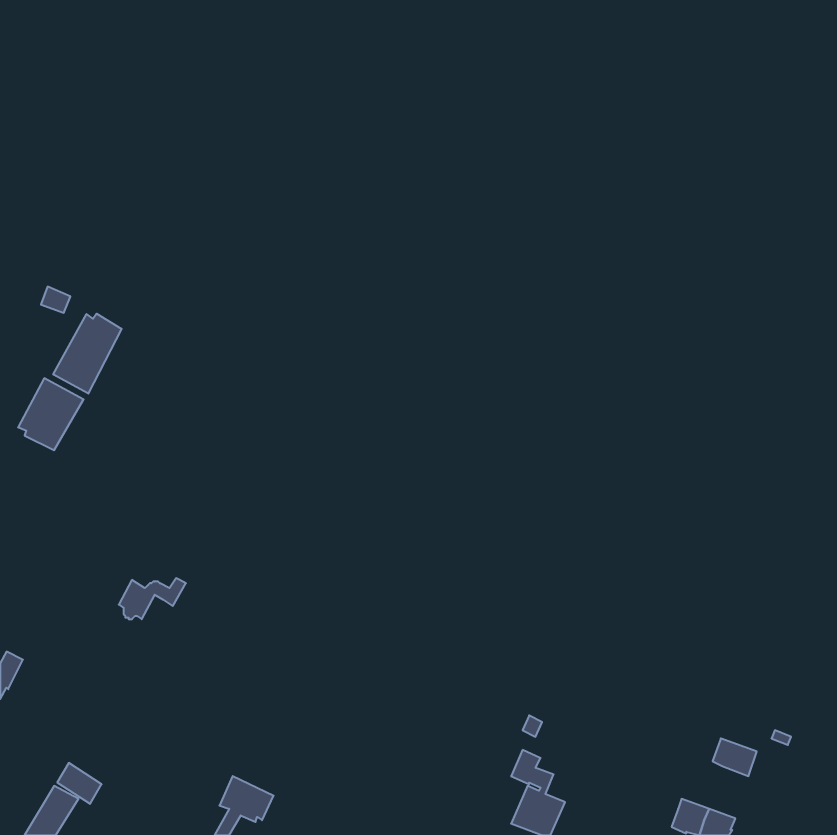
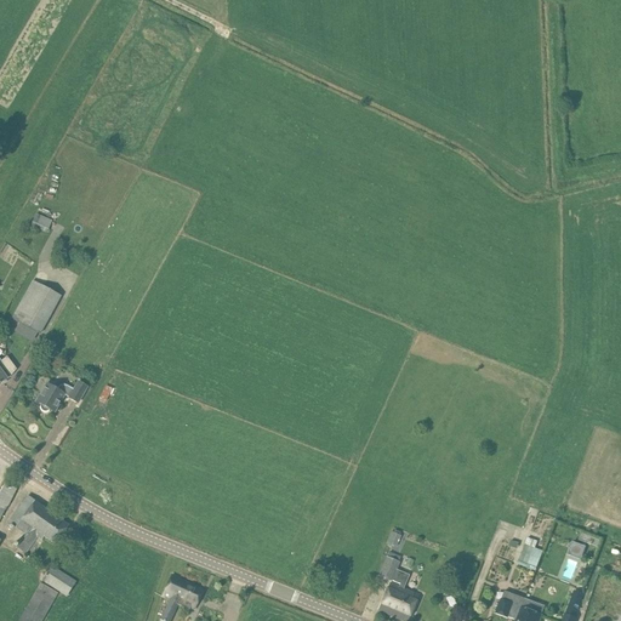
building: [53,314,122,394] -> none
building: [119,578,186,619] -> [36,381,86,411]
building: none -> [10,495,69,553]

